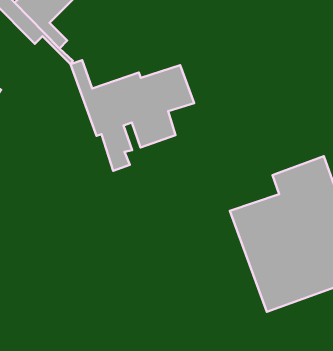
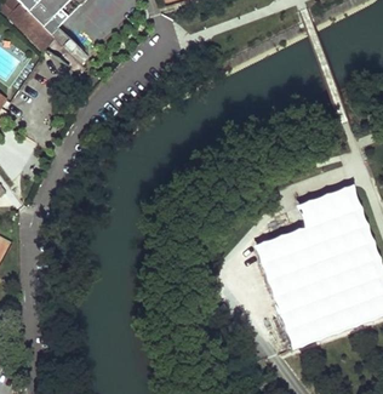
building: [71,60,194,171] -> none

